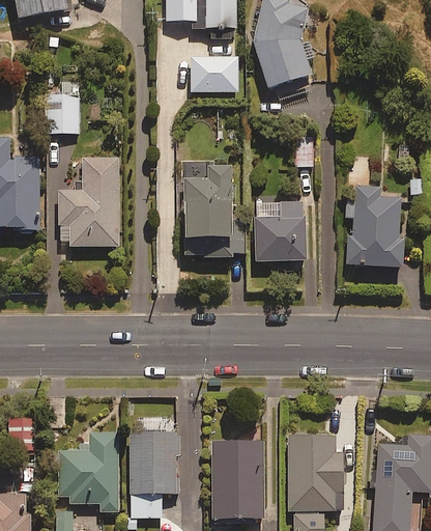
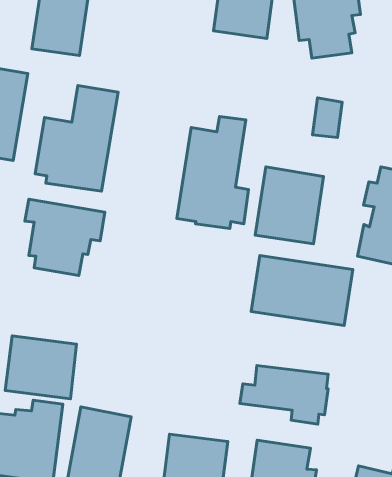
building: none -> [25,199,105,275]
building: none -> [251,256,353,326]
building: none -> [240,365,328,424]
building: none -> [5,336,77,399]

